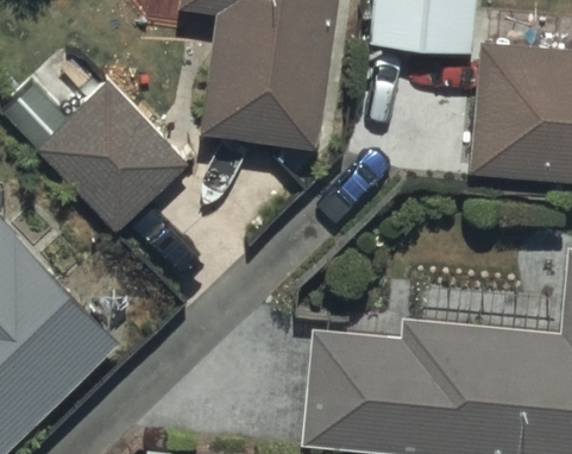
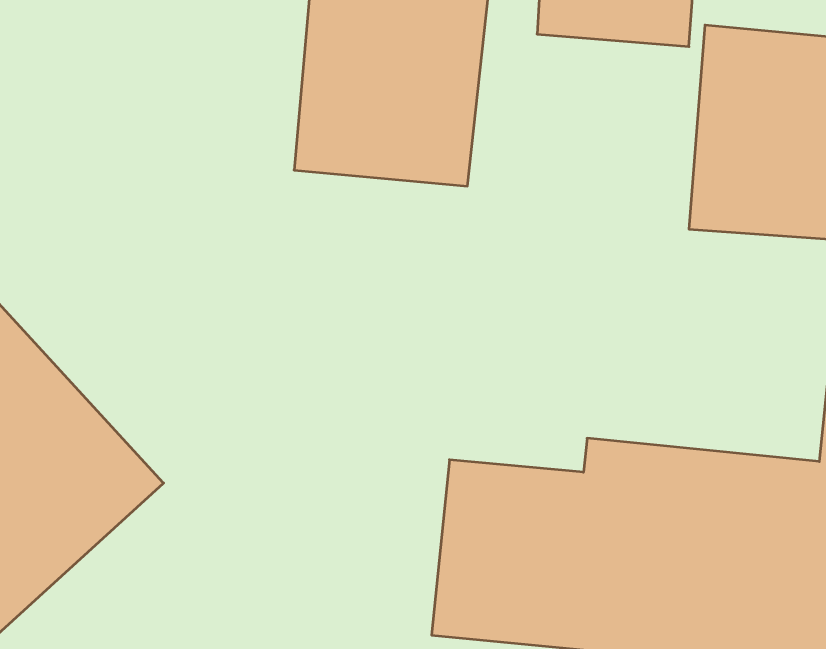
building: [38,87,191,237] -> none

